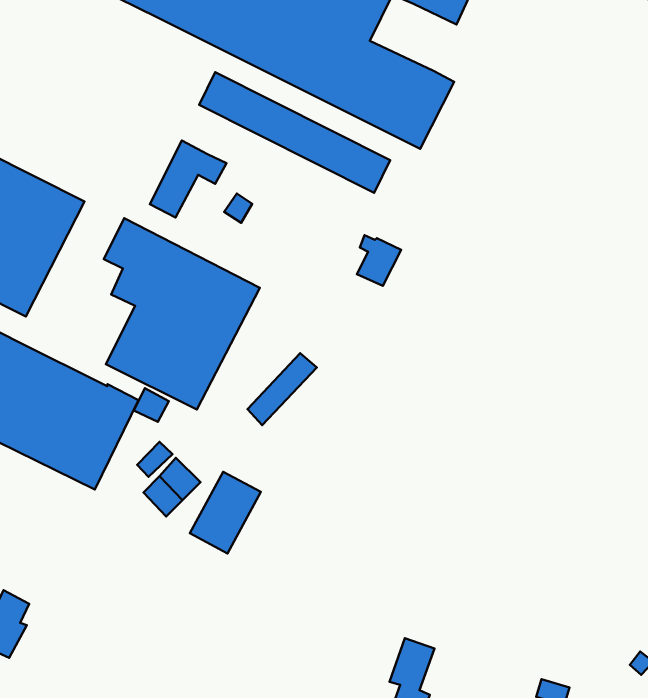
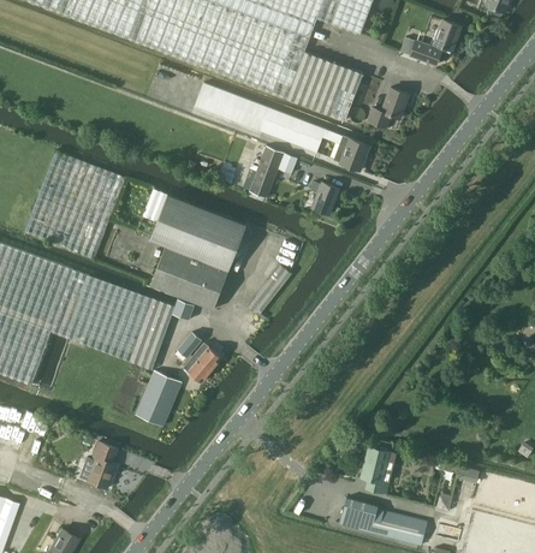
building: none -> [399,20,460,65]
building: none -> [368,88,408,127]
building: [150,141,226,218] -> [249,147,297,198]
building: none -> [339,138,369,171]
building: [190,472,261,553] -> [136,371,180,426]

